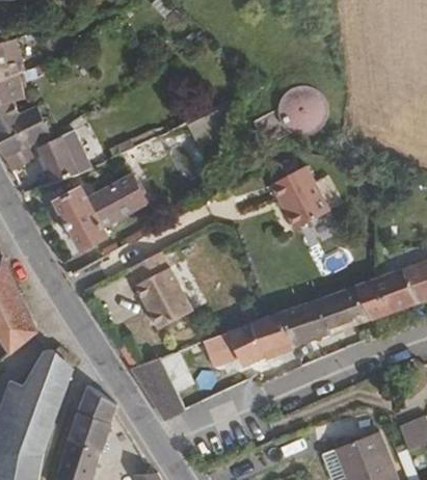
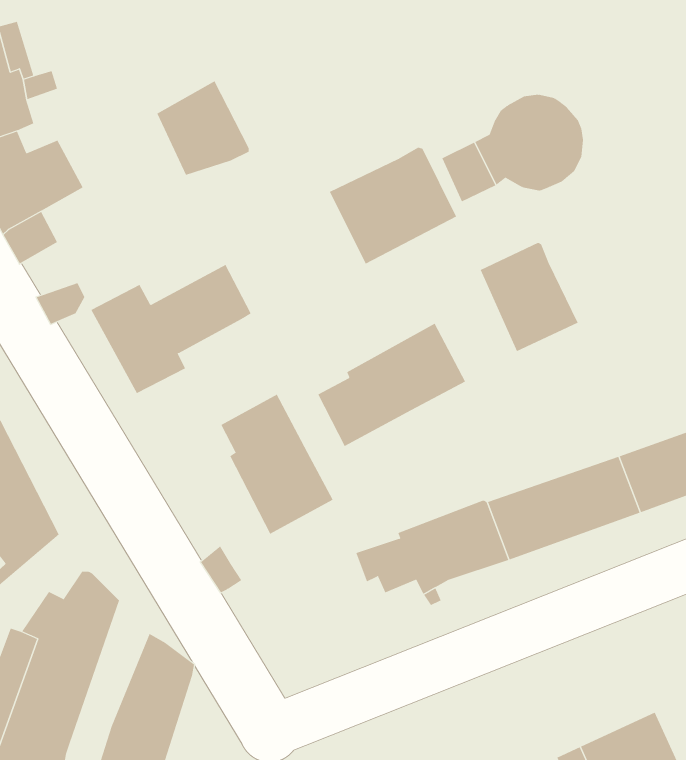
building: none -> [329,147,457,264]
building: [38,131,91,185] -> [156,81,250,176]
building: none -> [317,323,466,447]
building: [130,357,184,419] -> none

